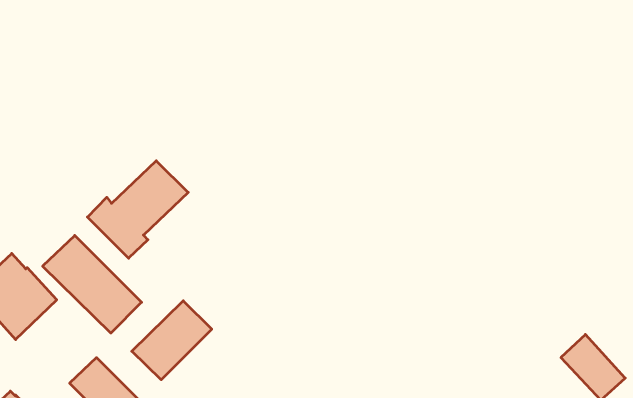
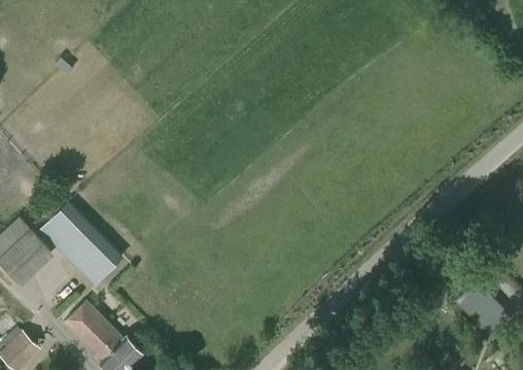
building: [87,161,188,258] -> none
building: [132,301,212,380] -> none

